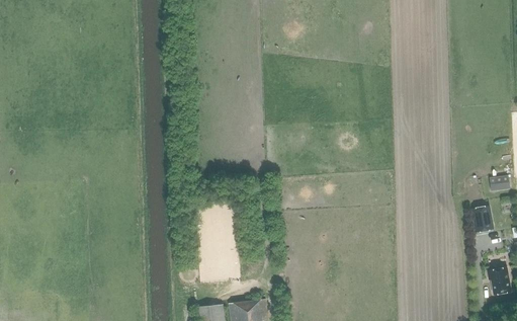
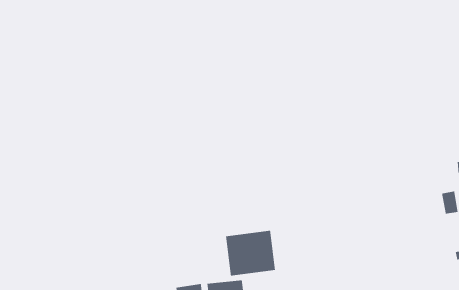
building: none -> [225,230,276,277]

